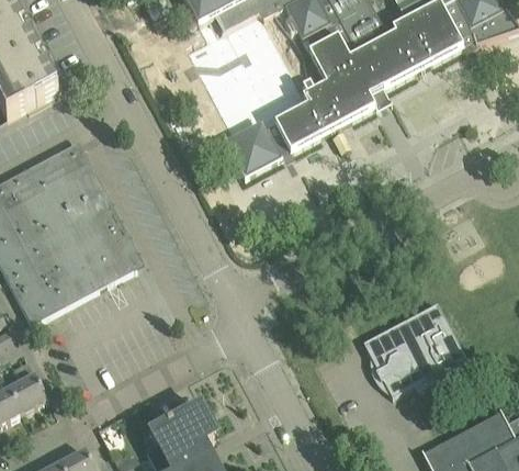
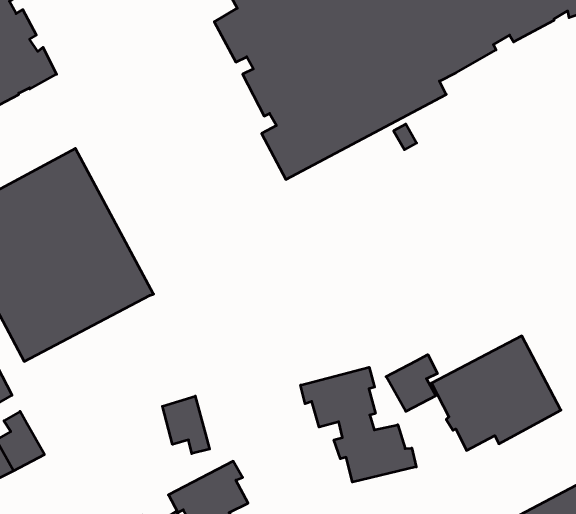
building: none -> [386,355,437,411]
building: none -> [301,367,416,482]
building: none -> [162,396,210,454]

